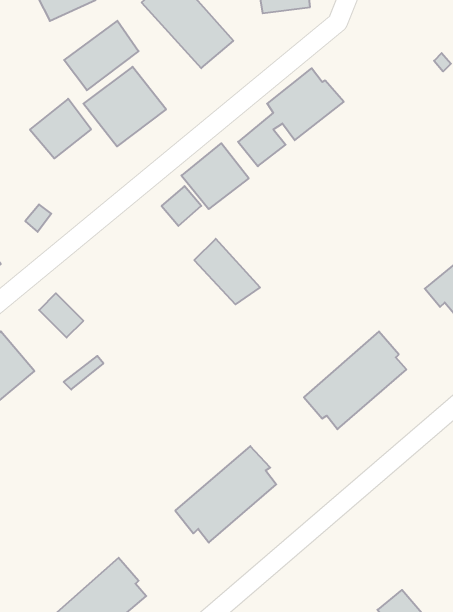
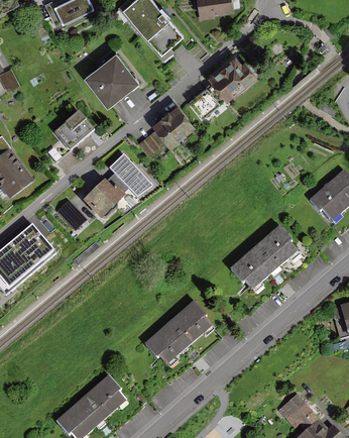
building: [64,21,139,90] -> none
building: [30,99,91,158] -> [52,112,93,151]
building: [194,239,260,304] -> [107,154,150,198]
building: none -> [84,181,126,220]

